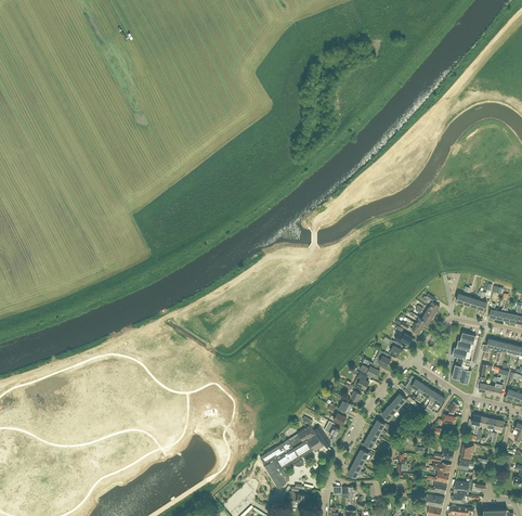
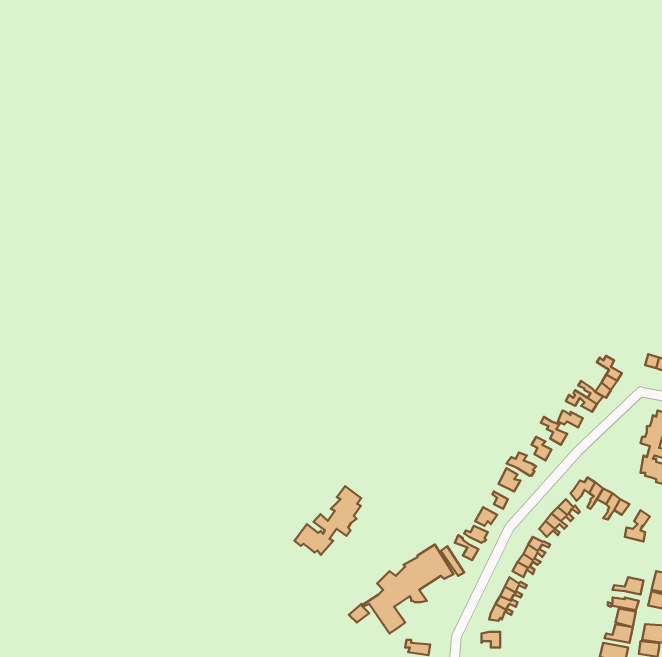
building: none -> [294,486,361,555]

